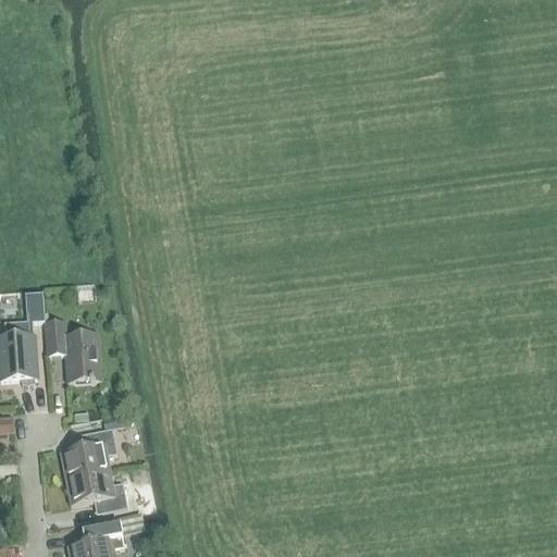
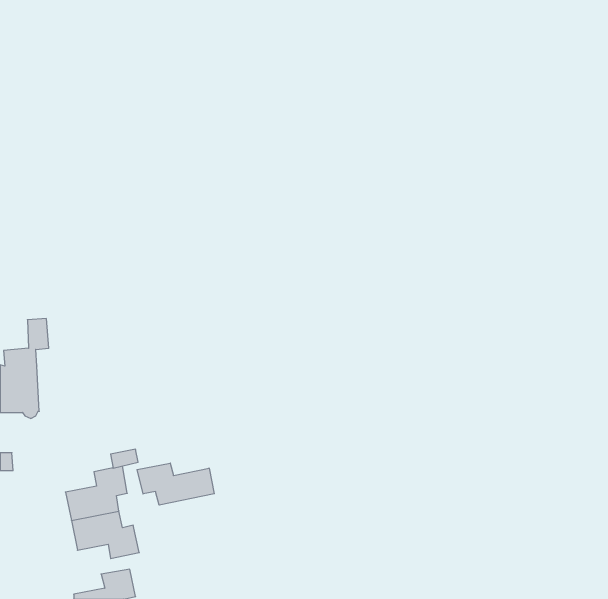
building: [46,320,100,381] -> none
building: none -> [137,463,214,505]

